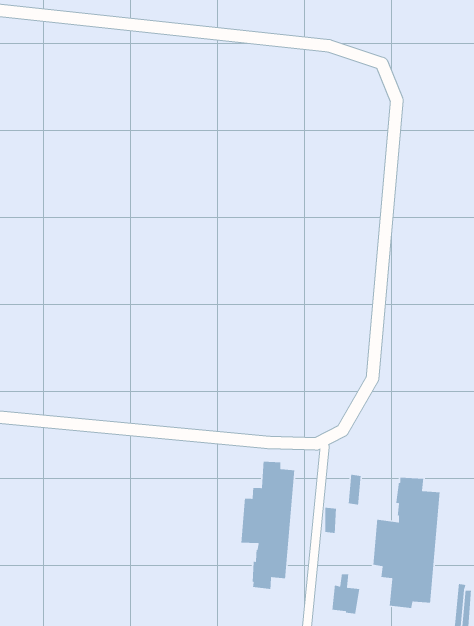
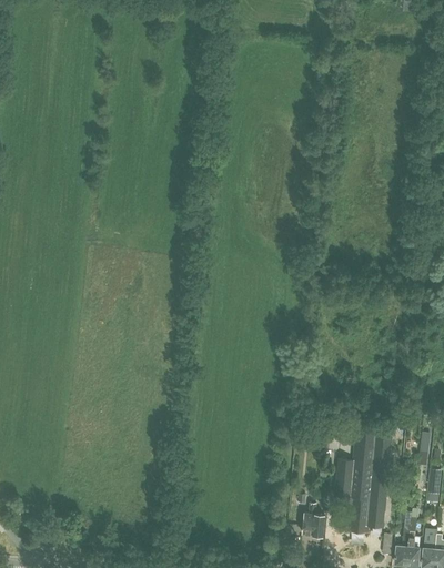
building: [241,461,295,590] -> none

